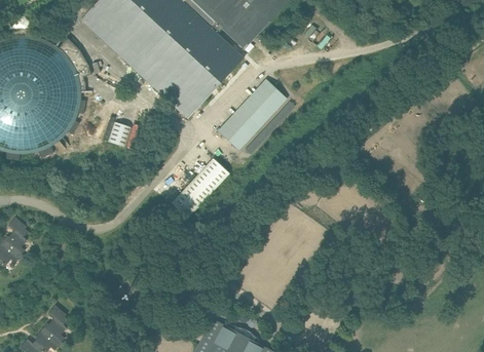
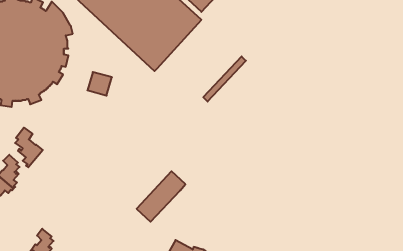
building: [218,81,283,149] -> none
building: [171,158,228,218] -> [137,171,185,222]
building: none -> [15,128,43,167]

